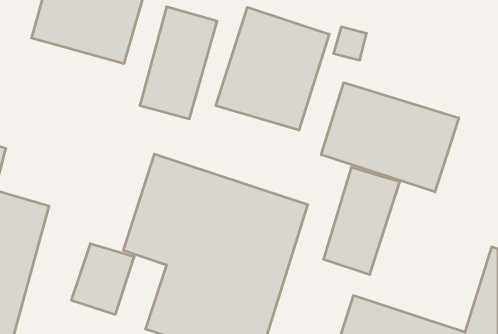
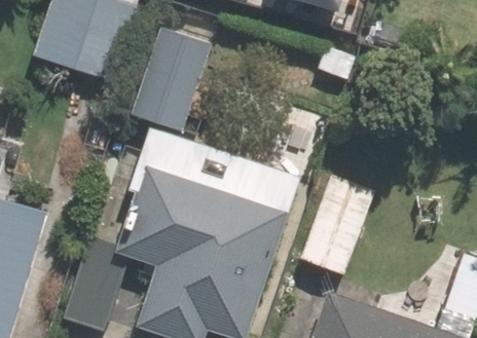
building: [216,7,329,130] -> none
building: [321,83,459,192] -> none

